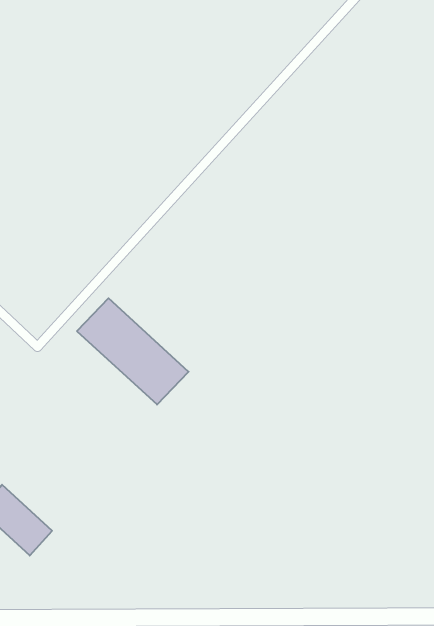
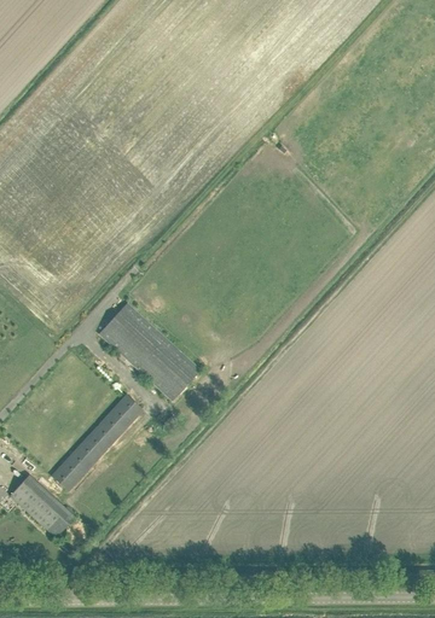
building: none -> [51,393,144,491]

